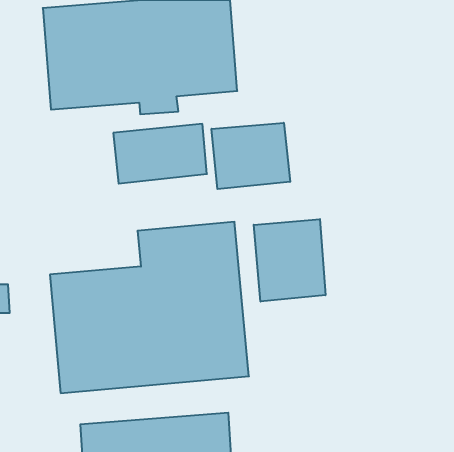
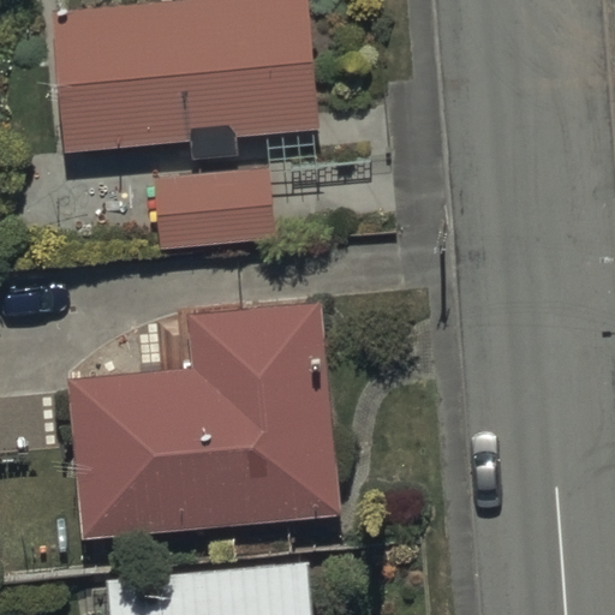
building: [212,123,290,189] -> none
building: [254,219,325,302] -> none

